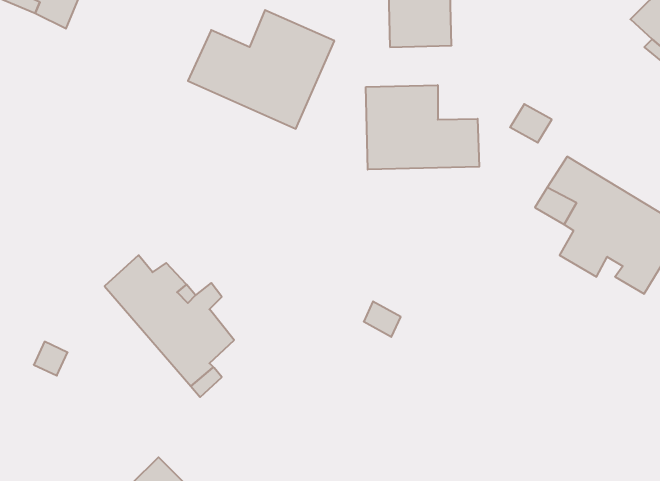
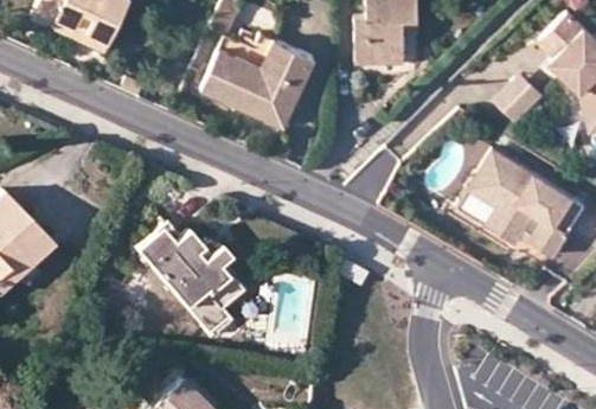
building: none -> [493,74,544,126]
building: [366,85,479,170] -> none

